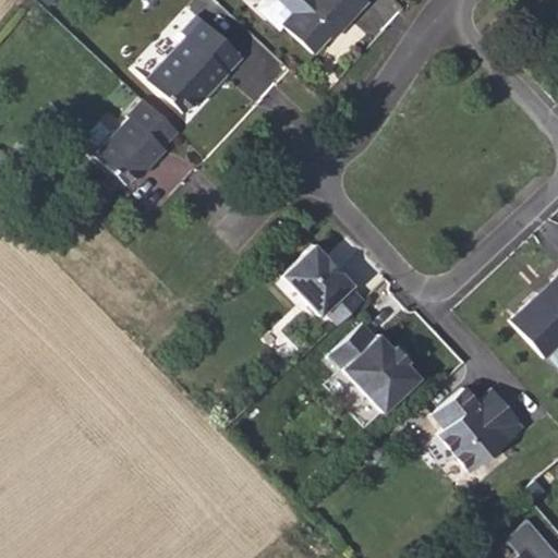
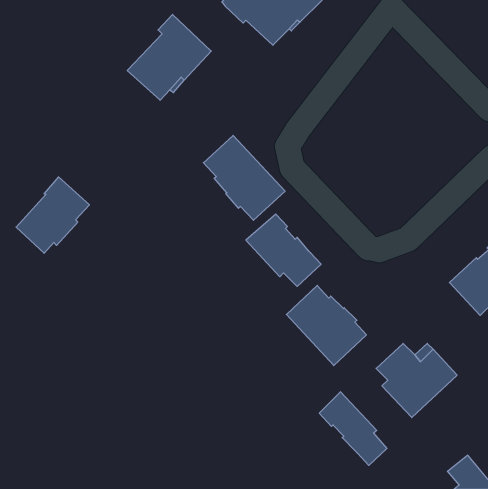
building: [97,100,180,186] -> [16,177,89,253]
building: none -> [203,135,285,220]
building: none -> [319,392,387,465]

